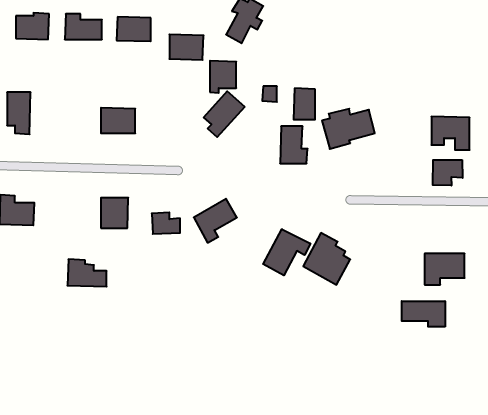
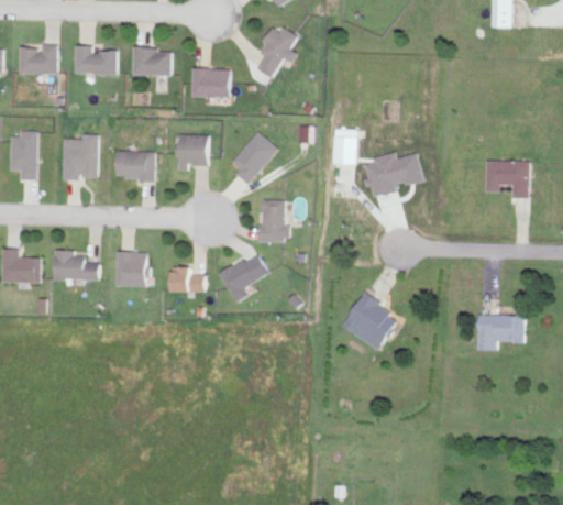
building: [210,61,236,93] -> [178,134,208,171]
building: none -> [62,134,97,179]
building: [280,126,308,163] -> [260,200,290,242]
building: [433,160,463,186] -> none
building: [263,229,310,275] -> none
building: [67,259,107,287] -> [54,250,98,281]
building: [402,301,445,327] -> none

